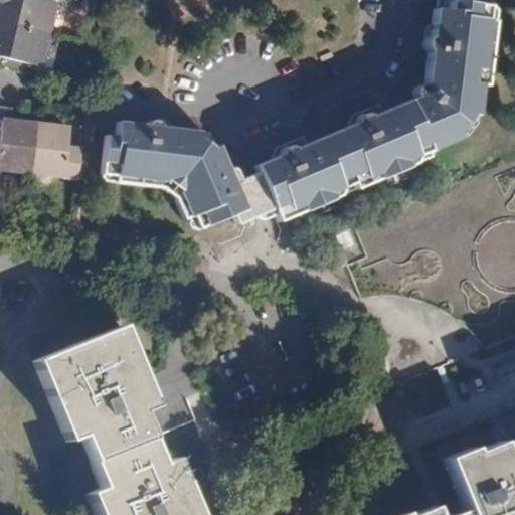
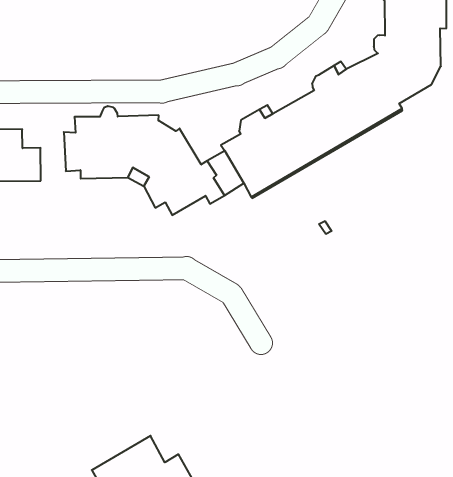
building: [38,323,155,459] -> none

